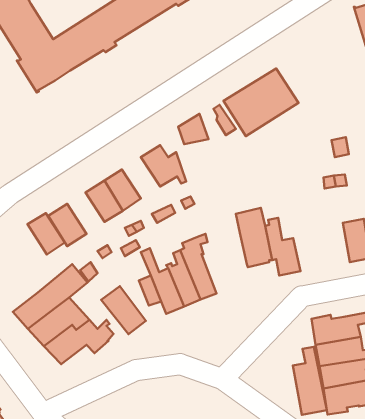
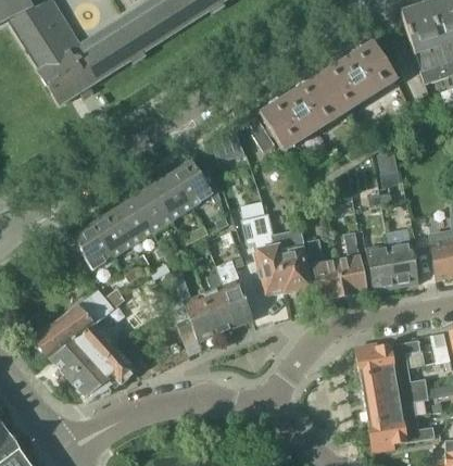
building: none -> [317,41,398,114]
building: none -> [151,173,192,217]
building: none -> [249,212,286,292]
building: none -> [336,231,366,295]
building: [28,213,65,255] -> [92,211,133,255]
building: none -> [366,243,397,289]
building: [101,286,146,334] -> none
building: [293,347,327,415] -> none

